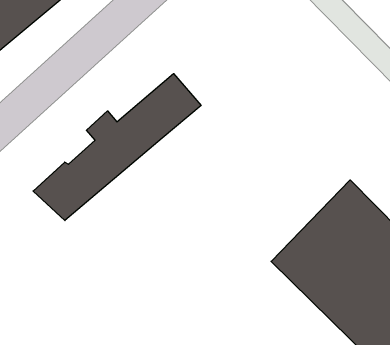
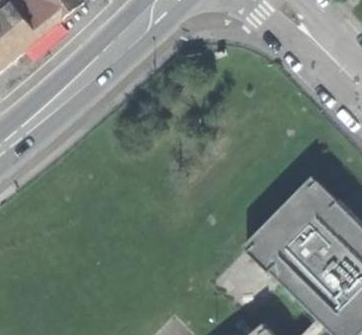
building: [33,74,201,221] -> none

